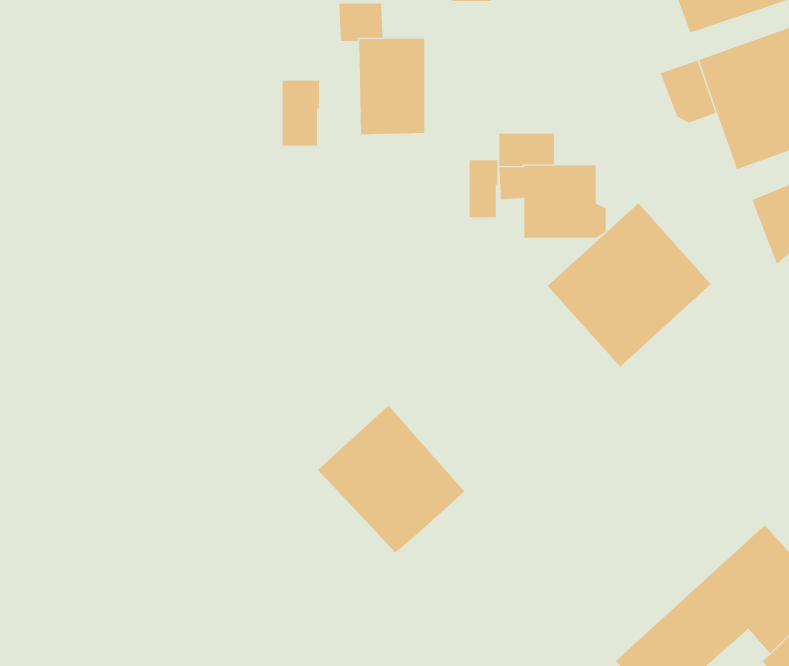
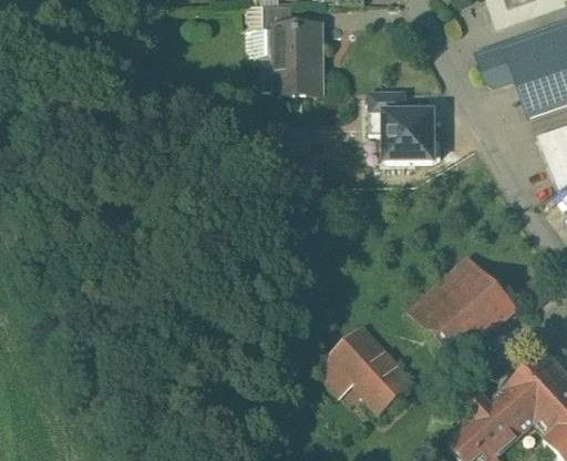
building: [282,80,319,146] -> none
building: [469,160,498,218] -> none
building: [547,202,712,367] -> [406,255,516,365]
building: [317,405,465,553] -> [313,325,412,423]

